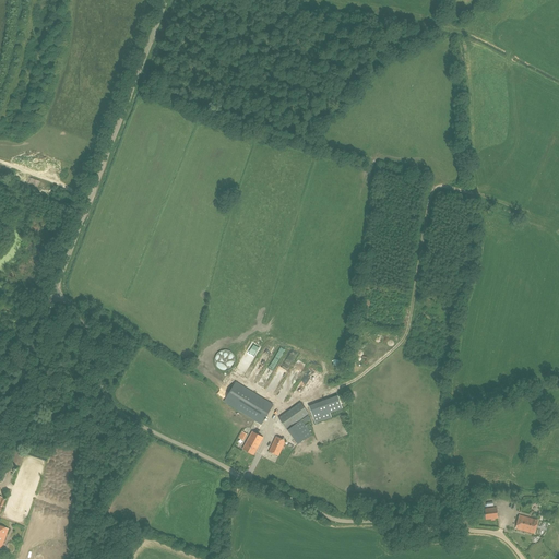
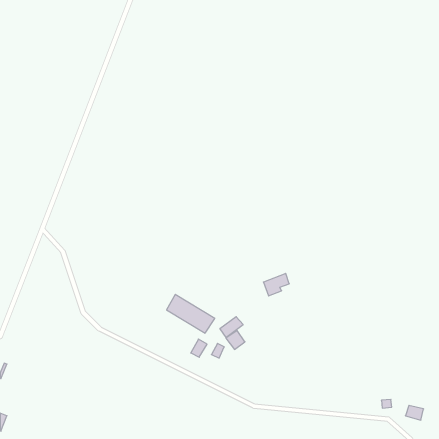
building: [309,394,342,423] -> [263,273,289,296]

